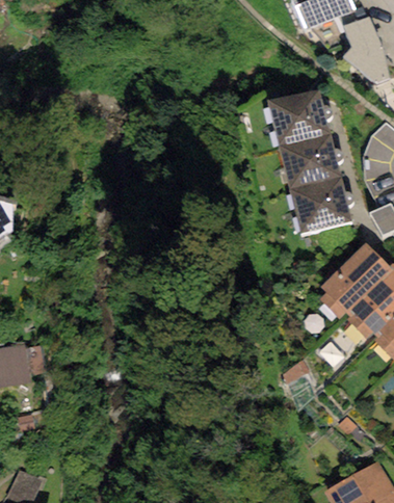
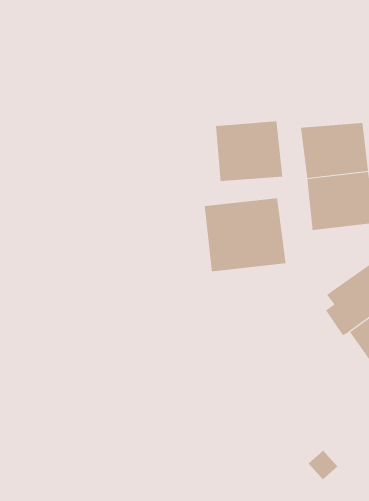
building: [268,88,332,147] -> [215,121,283,182]
building: none -> [204,197,286,272]

